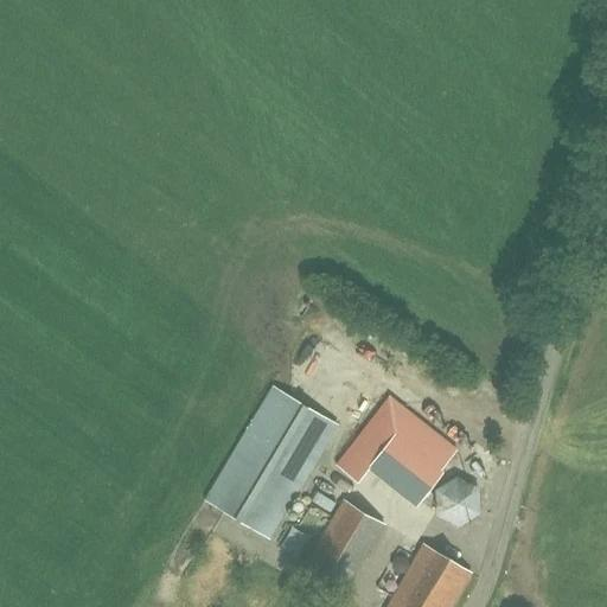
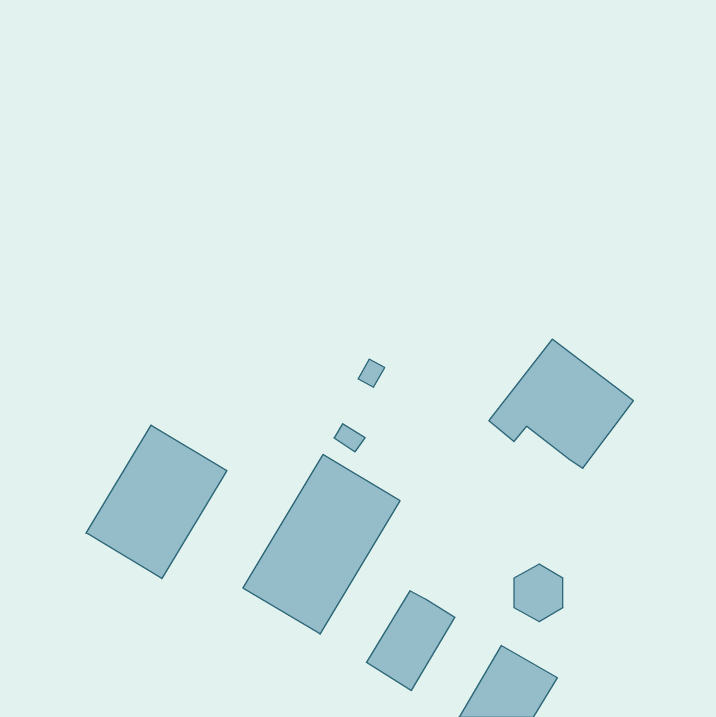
building: none -> [86,425,227,579]
building: [336,396,458,505] -> [489,339,633,468]

